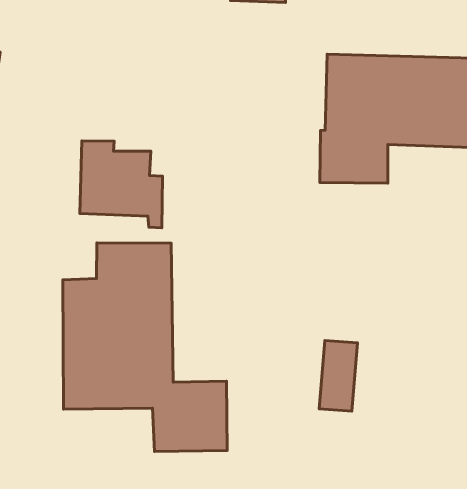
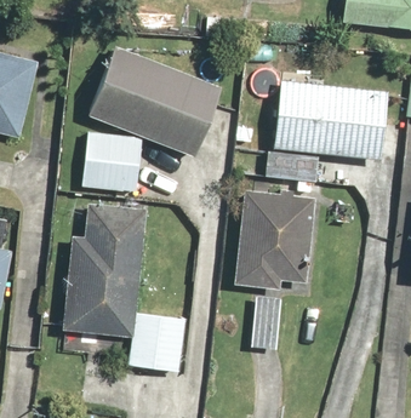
building: none -> [87,45,226,159]
building: none -> [234,189,318,290]

